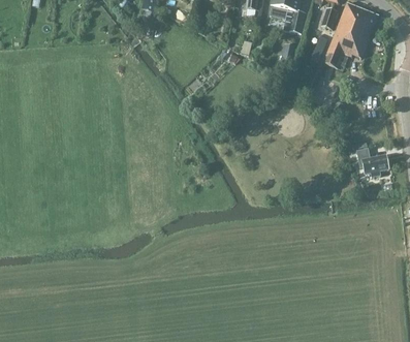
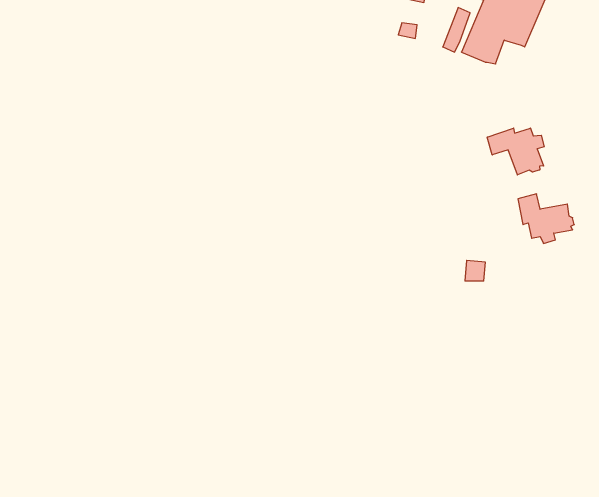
building: none -> [487,128,544,175]

